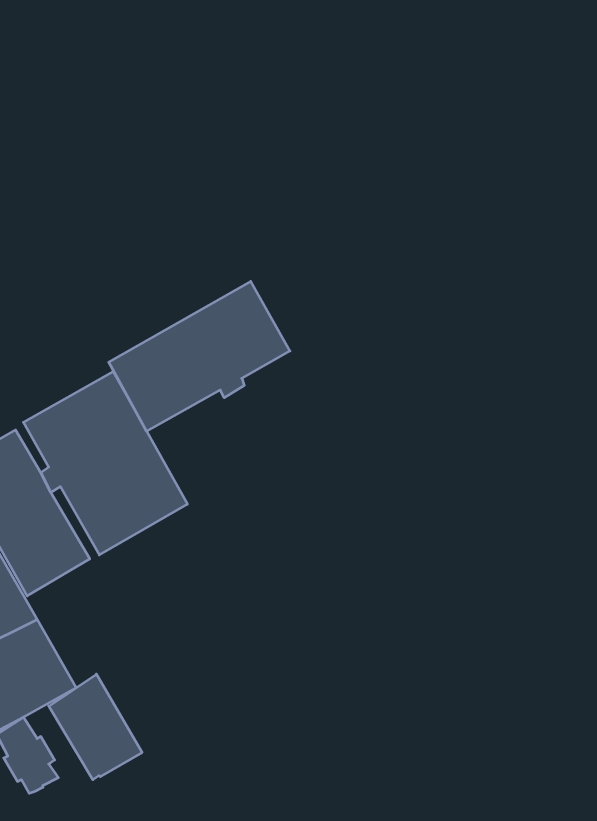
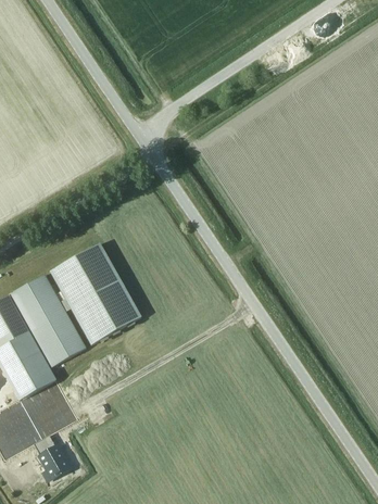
building: [109,281,290,431] -> none
building: [49,674,142,780] -> none

